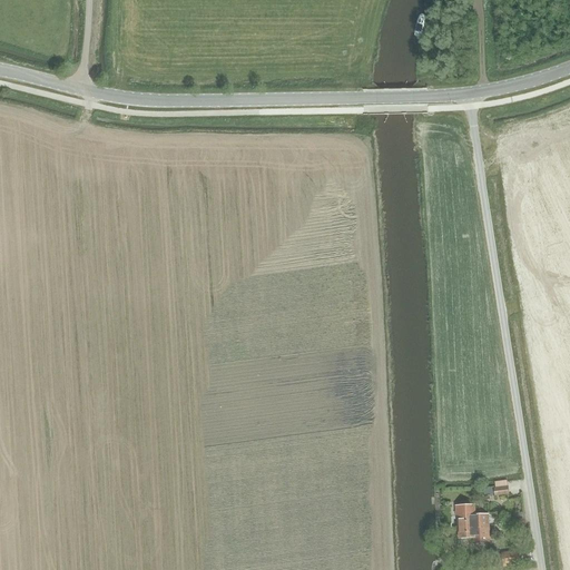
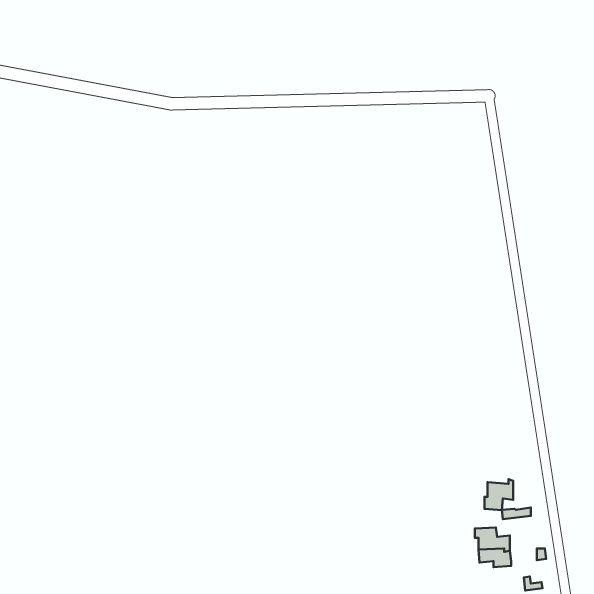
building: none -> [485,479,513,510]

